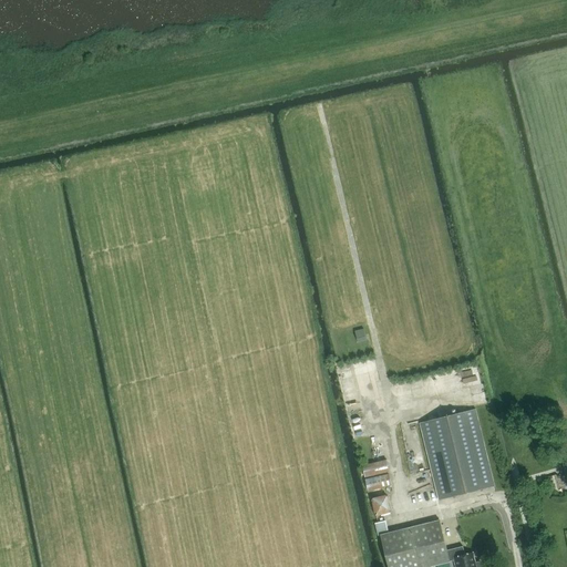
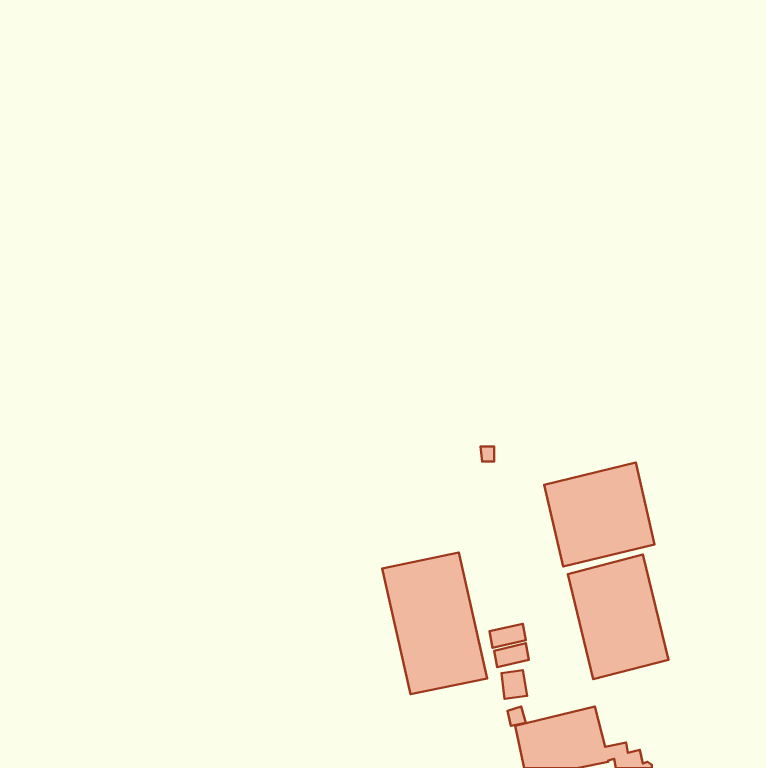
building: none -> [544,463,655,567]
building: none -> [382,553,487,694]

